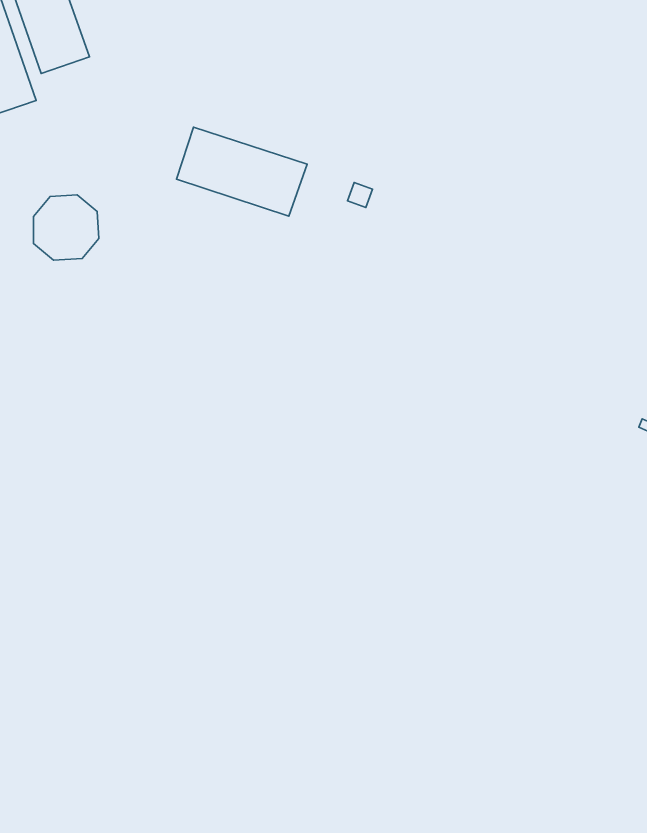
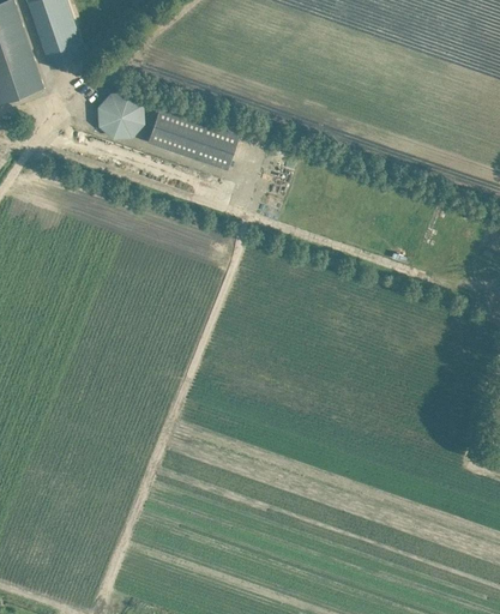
building: [34,195,99,260] -> [98,92,145,139]

